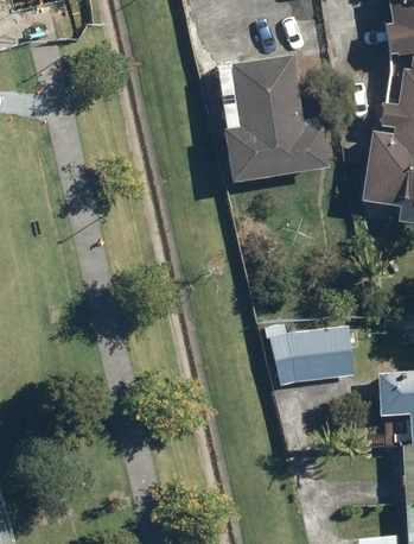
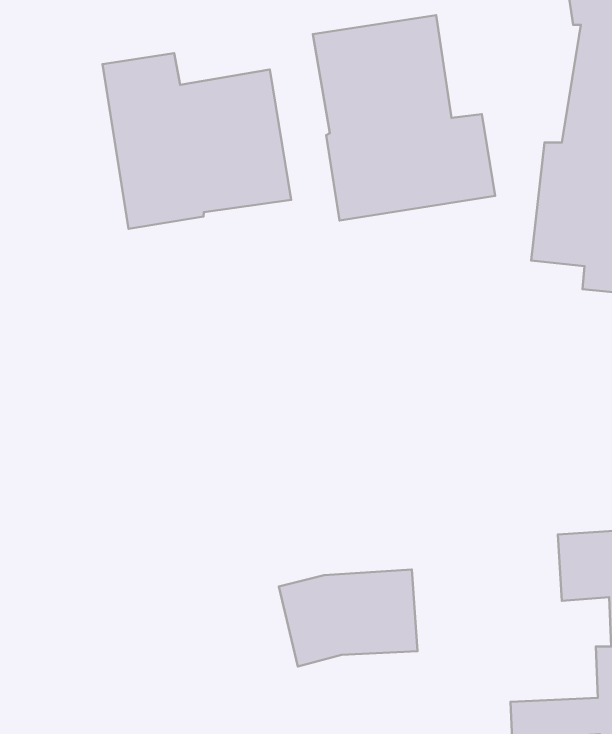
building: none -> [102,53,291,229]
building: [272,327,358,387] -> [279,569,417,666]

